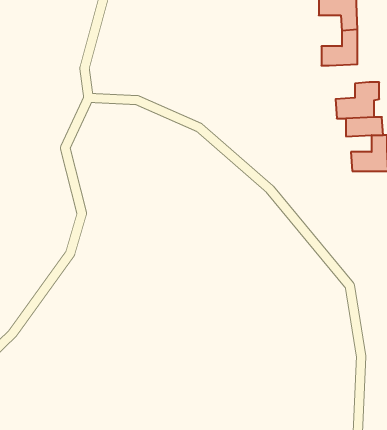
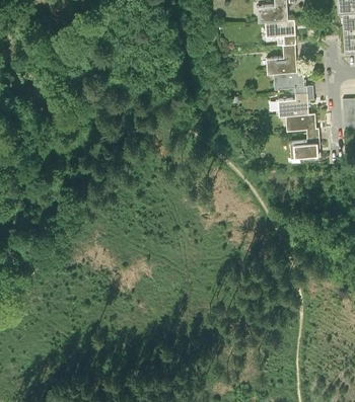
building: none -> [274,74,305,89]

